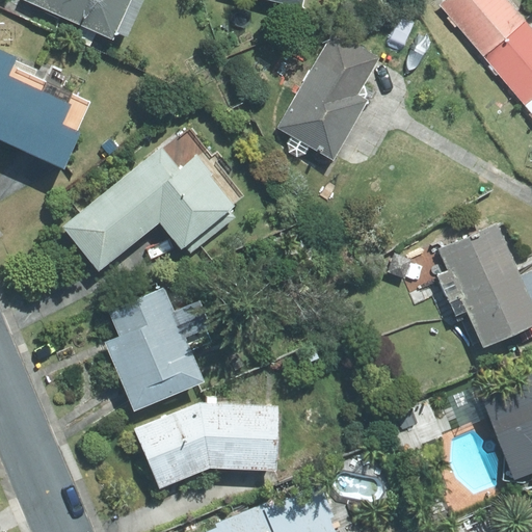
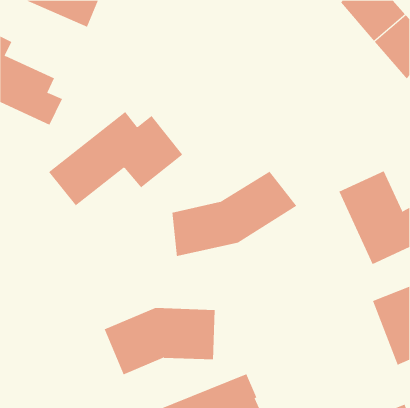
building: [278,31,379,161] -> none
building: none -> [172,171,297,257]
building: [106,288,211,408] -> none

